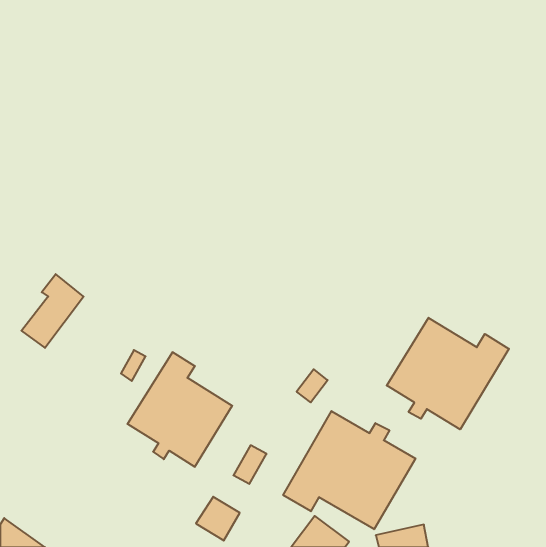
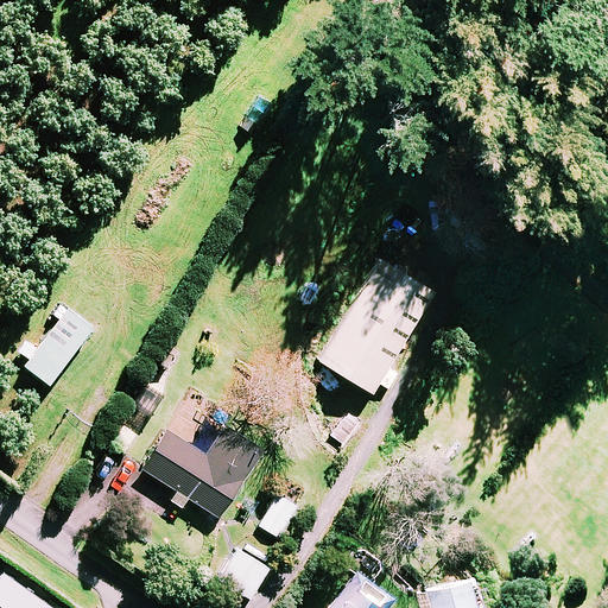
building: none -> [319,261,432,395]
building: [387,318,509,429] -> none
building: [283,411,415,529] -> none

